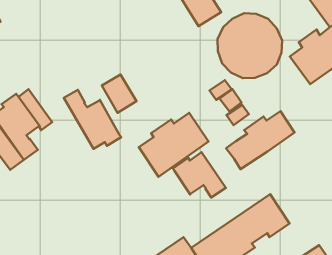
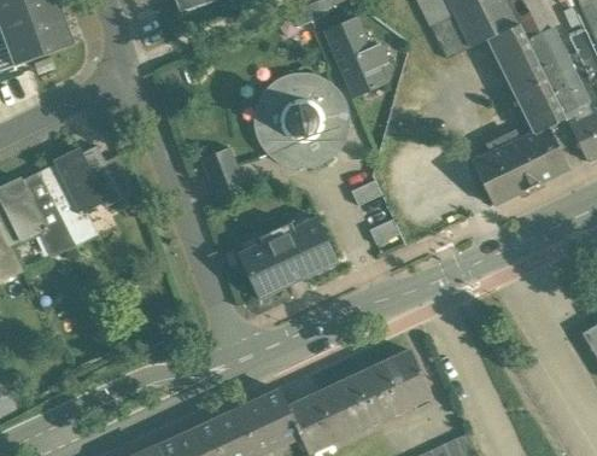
building: [217,13,282,78] -> [256,72,349,165]
building: [64,90,121,149] -> none
building: [226,111,294,169] -> none
building: [173,152,226,197] -> none

